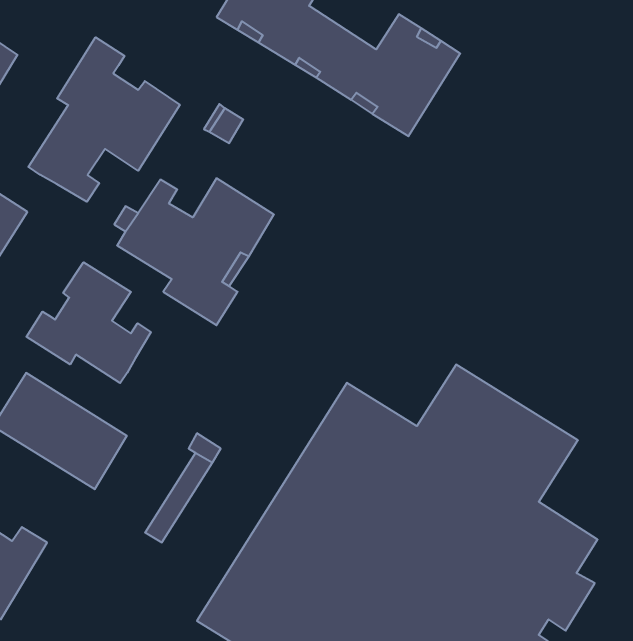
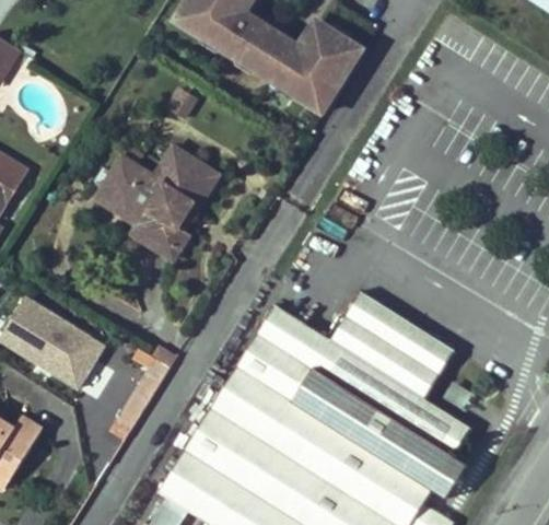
building: [28,37,180,202] -> none
building: [26,262,151,383] -> none

